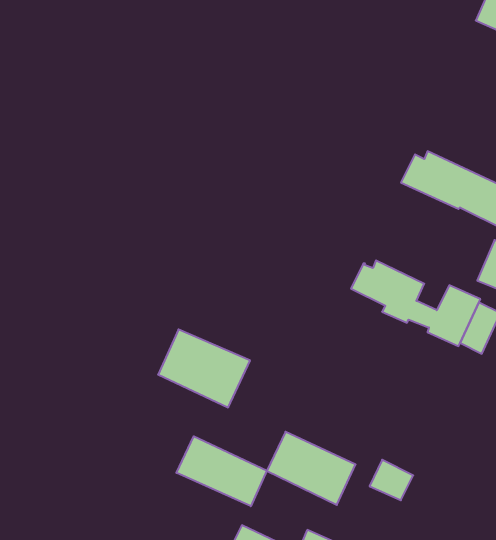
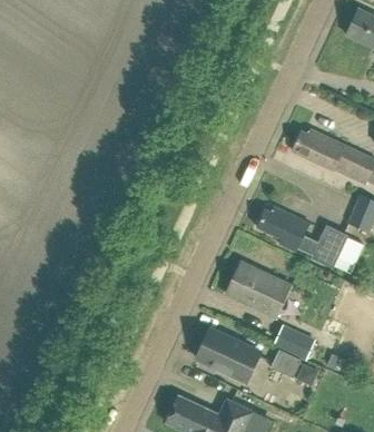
building: [158,329,250,407] -> [227,263,293,318]
building: none -> [274,322,317,360]
building: [176,436,267,506] -> none

